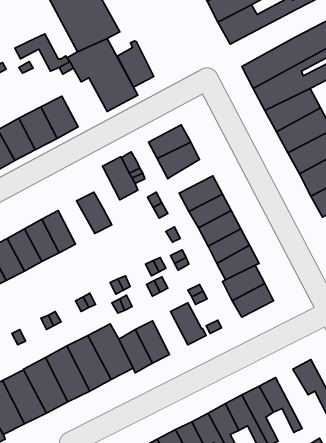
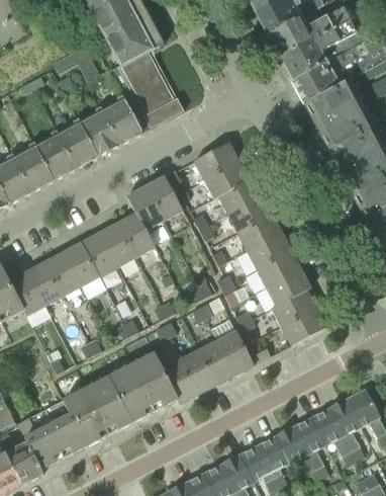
building: none -> [280,19,357,80]
building: [117,41,154,87] -> [103,95,141,144]
building: none -> [217,176,262,214]
building: none -> [127,185,164,230]
building: none -> [99,222,137,267]
building: none -> [198,338,235,384]
building: none -> [327,399,366,462]

